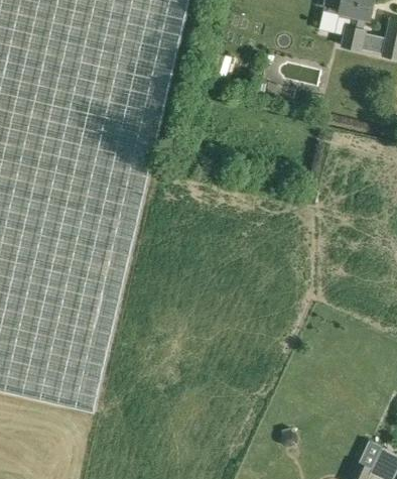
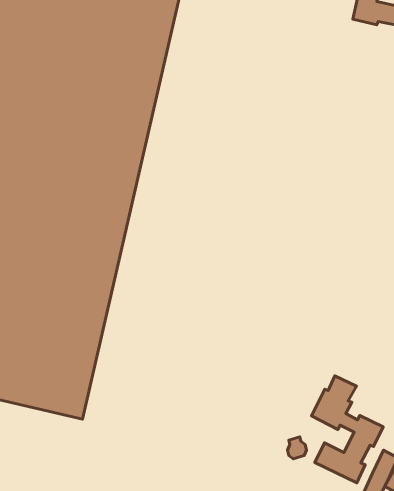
building: none -> [312,376,383,483]

